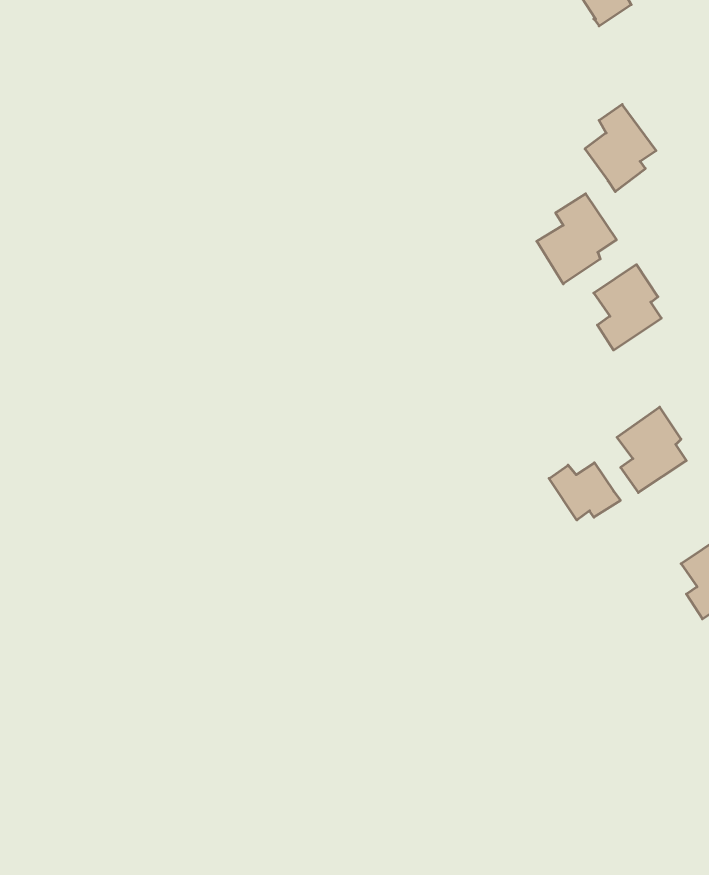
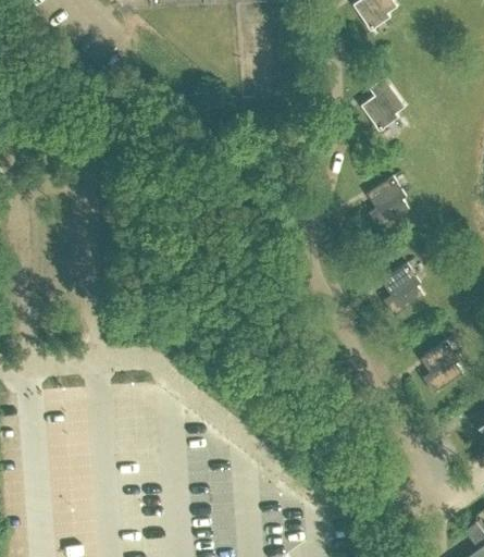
building: [537,194,616,284] -> none
building: [549,463,620,520] -> none

